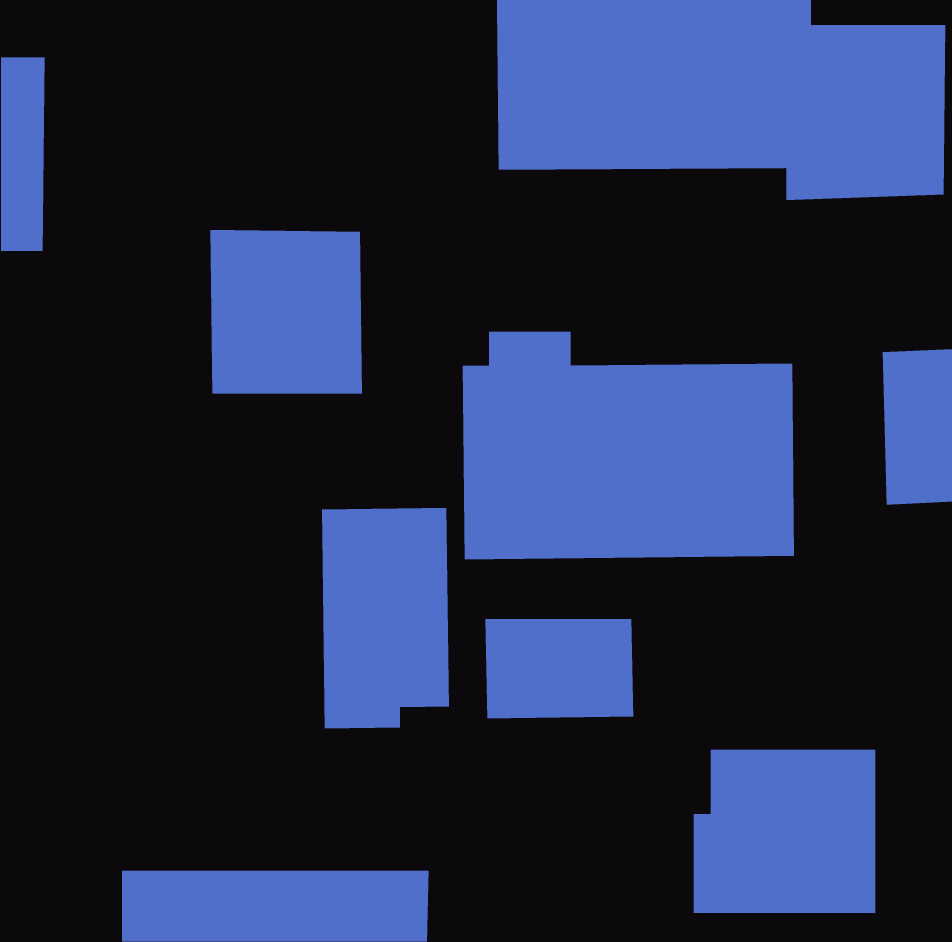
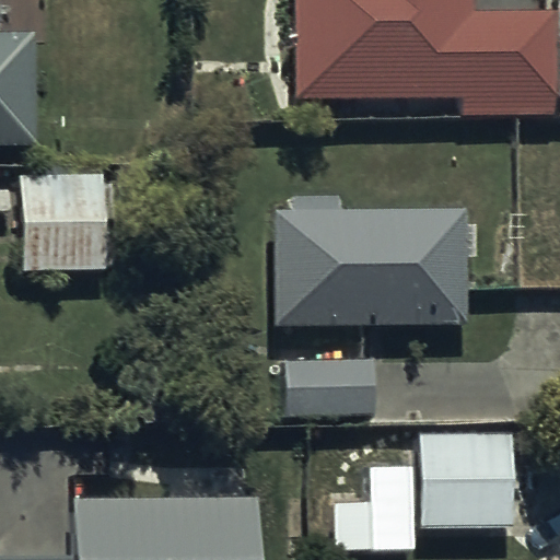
building: [209,230,363,394] -> [19,175,107,270]
building: [321,507,449,729] -> none

